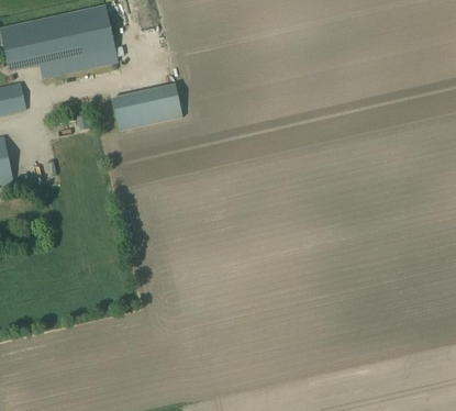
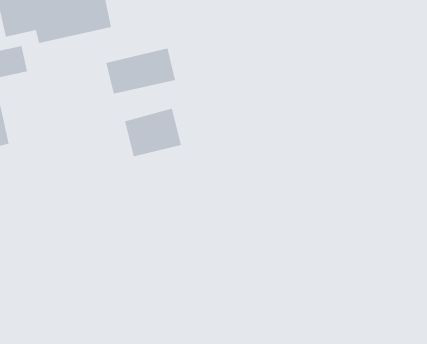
building: none -> [125,108,182,157]

